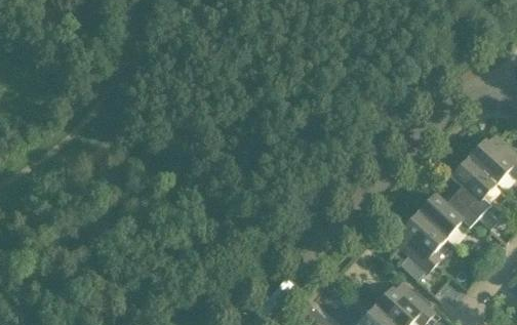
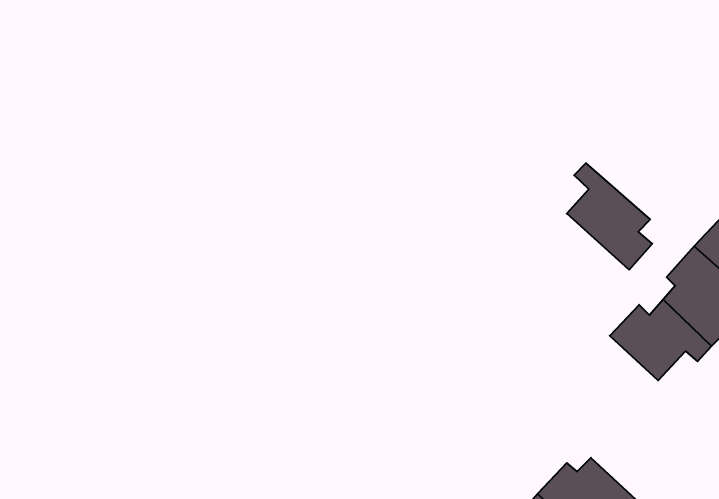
building: none -> [567,163,652,270]
building: [397,212,444,273] -> none

